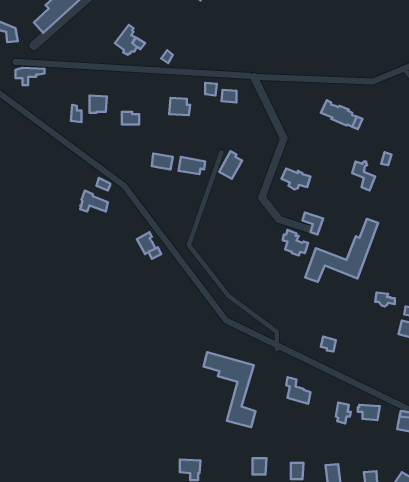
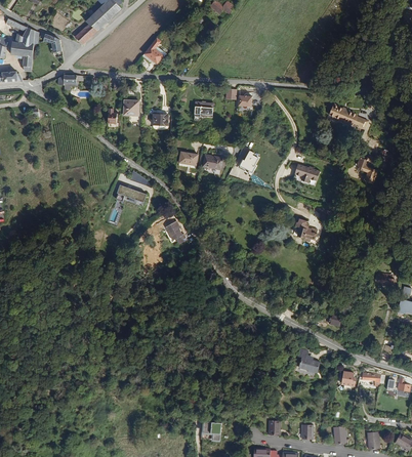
building: [305,219,378,282] -> none
building: [203,352,255,427] -> none

